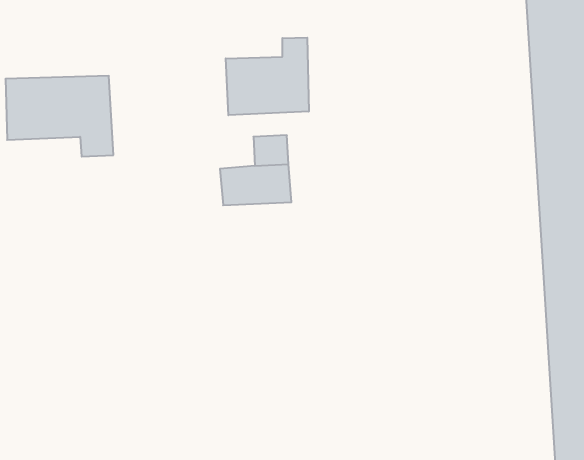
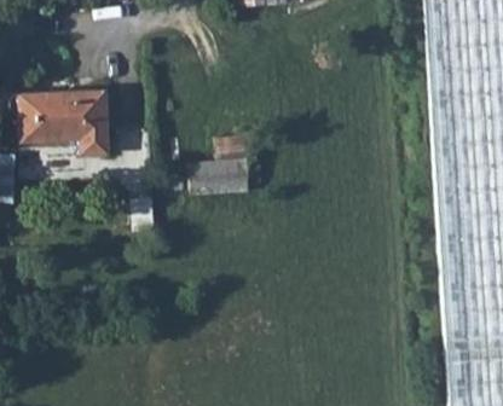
building: [226,38,309,115] -> none

